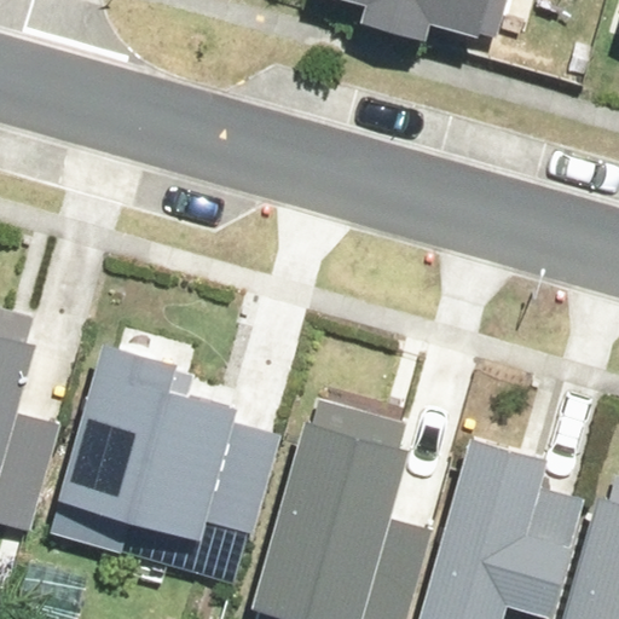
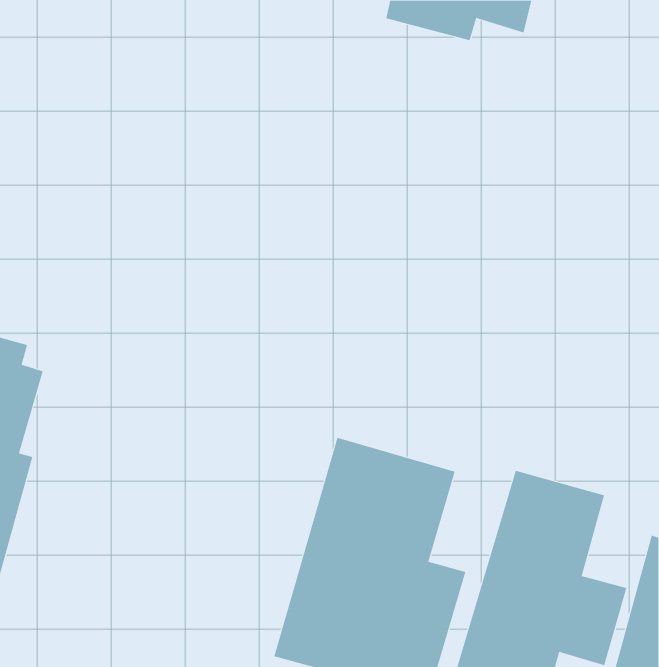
building: [60,340,274,540] -> none

